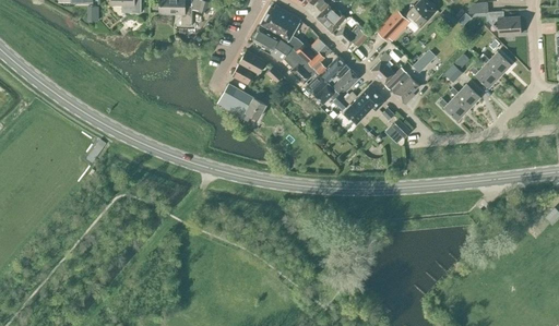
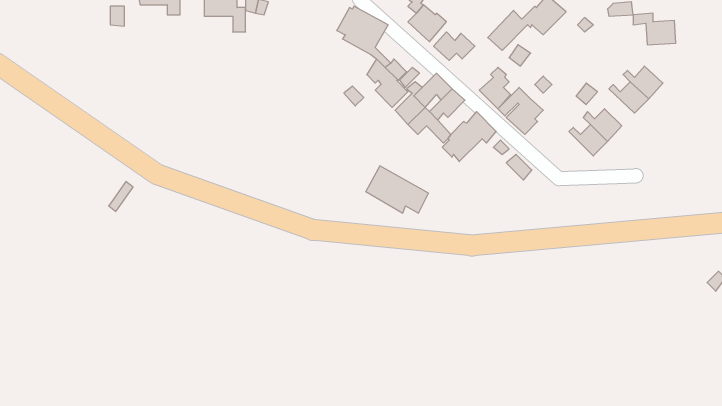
building: [253,27,293,61] -> none
building: [233,50,266,84] -> none
building: [218,83,266,119] -> [366,166,428,213]

